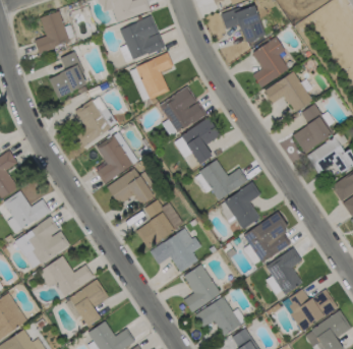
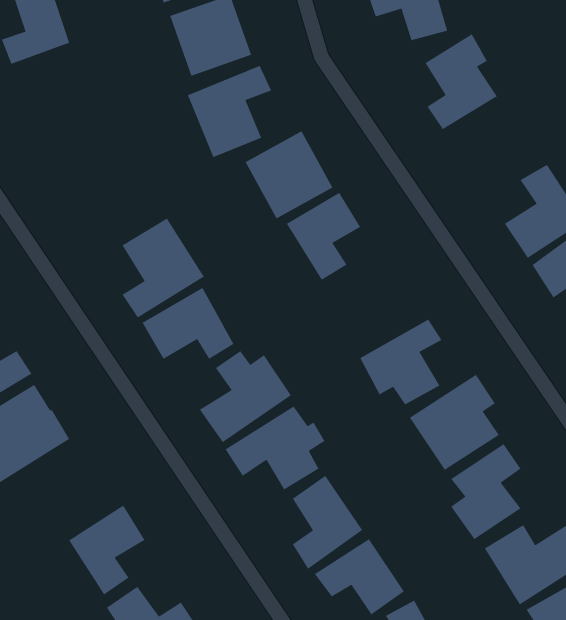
building: [48,52,87,97] -> none
building: [263,71,311,112] -> none
building: [74,99,110,143] -> none
building: [198,159,247,199] -> none
building: [39,255,94,296] -> none

